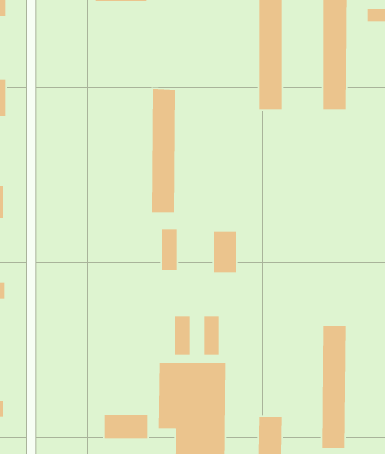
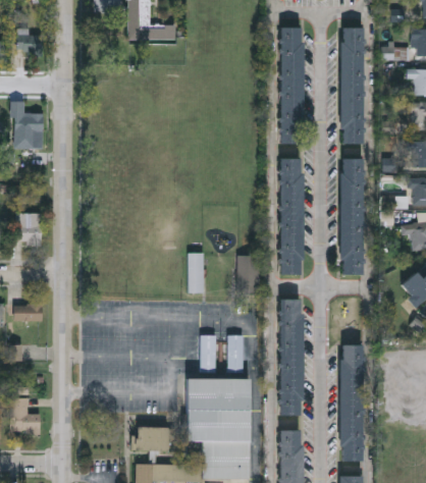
building: [151,88,176,213] -> [279,157,303,274]
building: none -> [340,157,363,274]
building: none -> [279,299,303,416]

